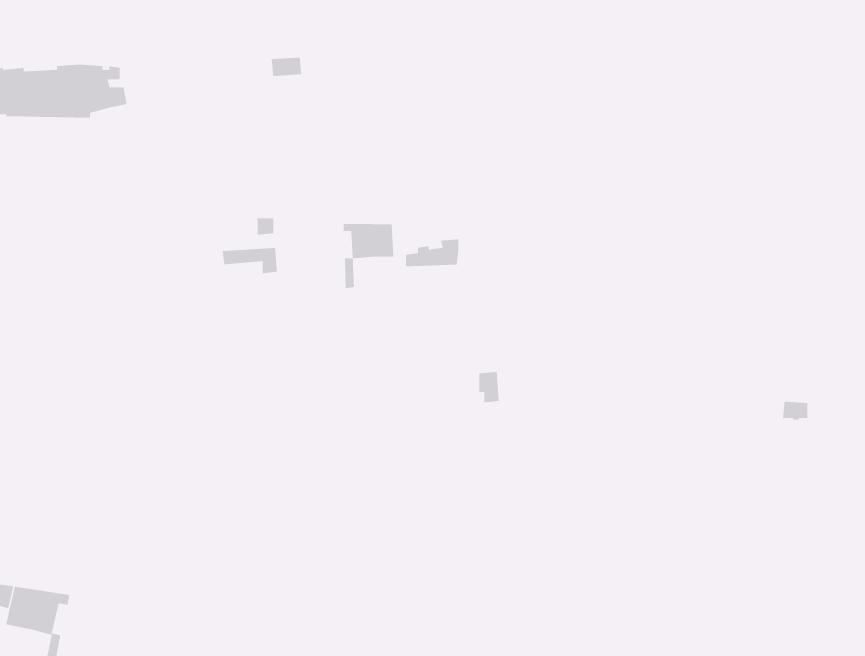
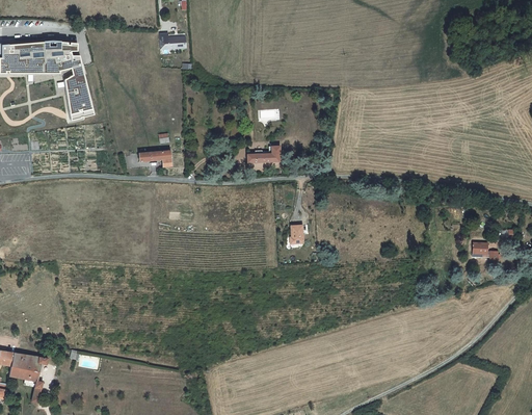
building: none -> [64,66,94,114]
building: [343,223,394,289] -> none

